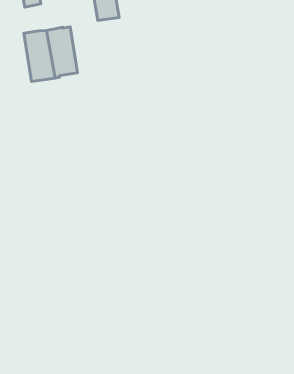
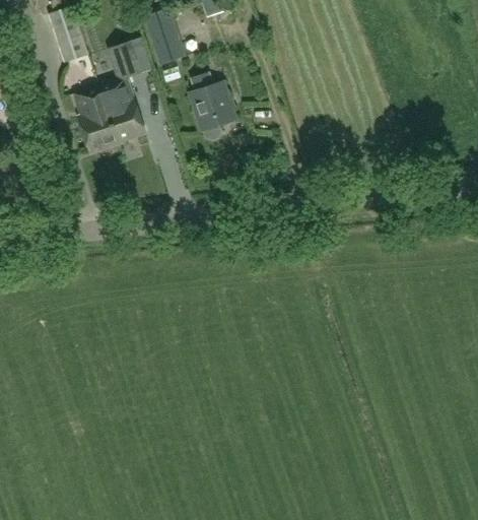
building: none -> [110,50,141,81]
building: none -> [189,71,235,141]

